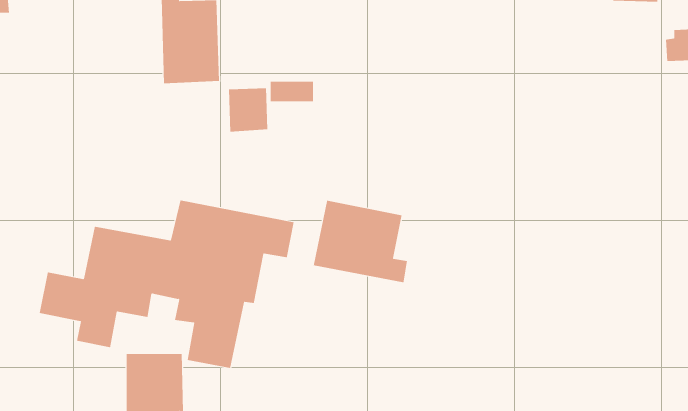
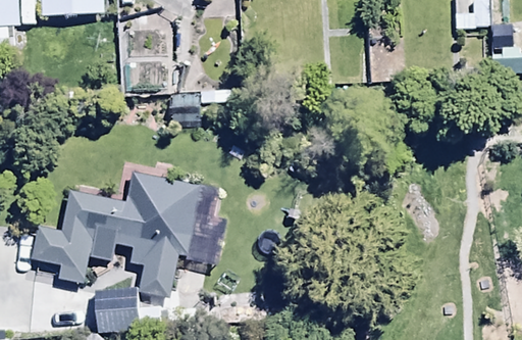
building: [313,200,408,283] -> none

